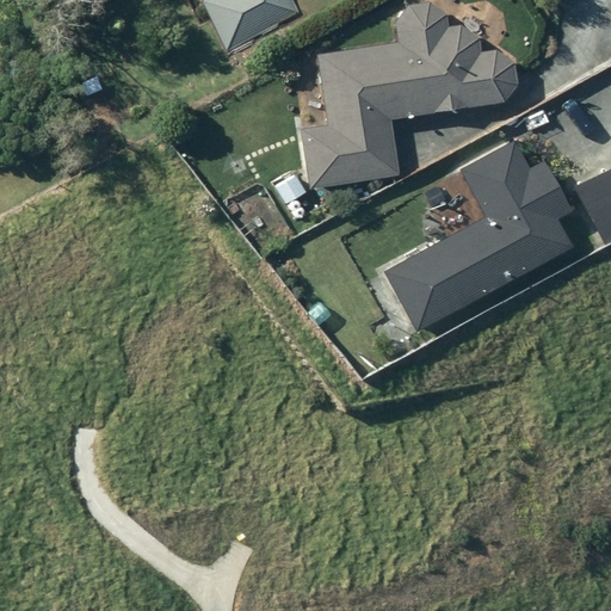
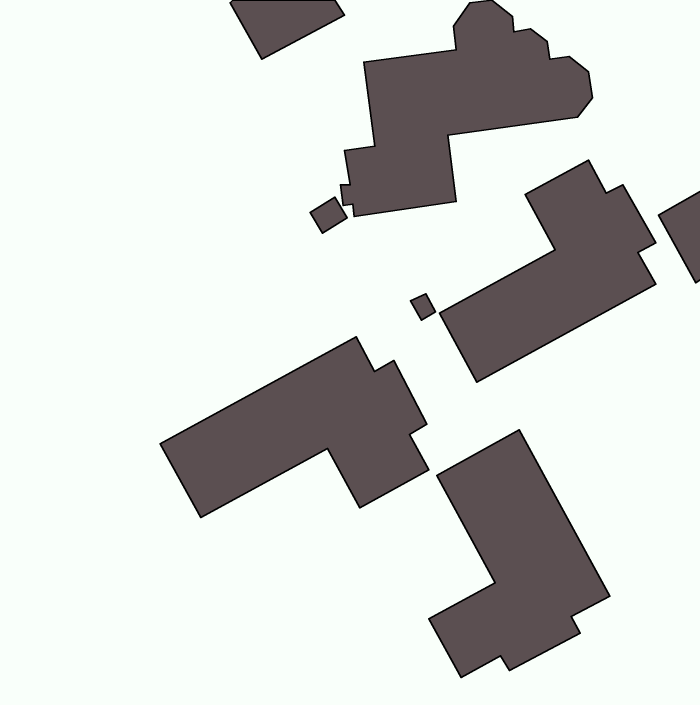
building: none -> [160,337,429,518]
building: none -> [429,430,610,678]

